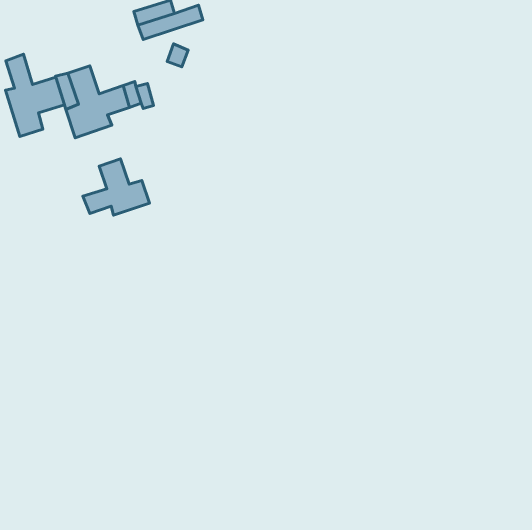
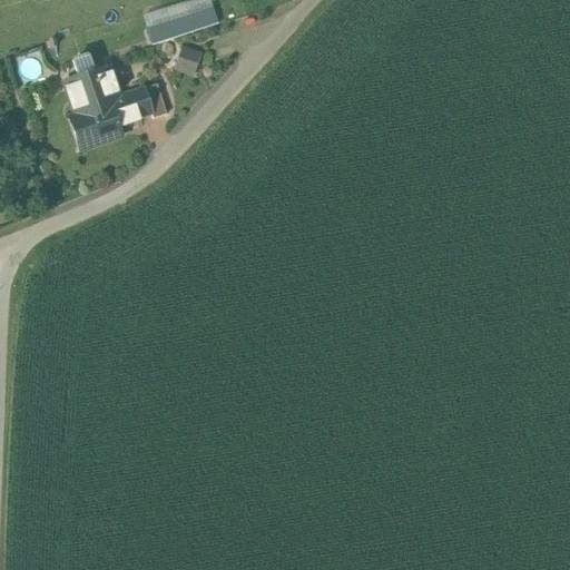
building: [6,54,64,136] -> none
building: [83,159,149,215] -> none

